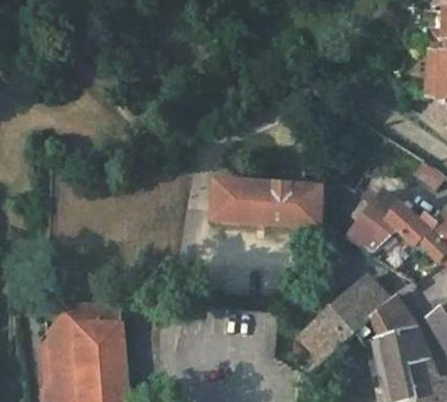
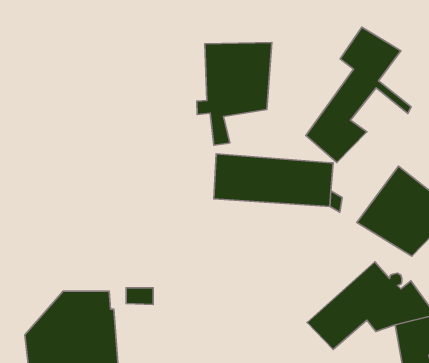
building: none -> [306,27,411,162]
building: none -> [197,43,272,145]

